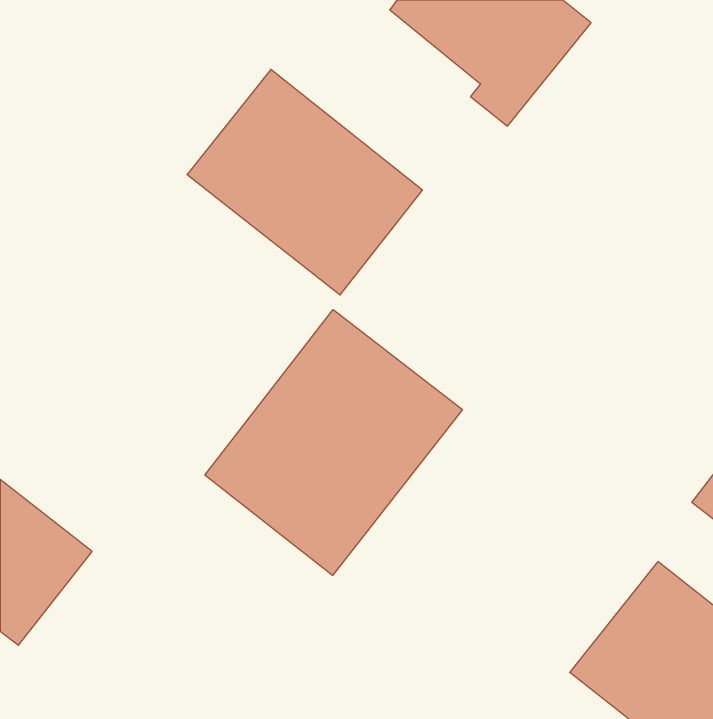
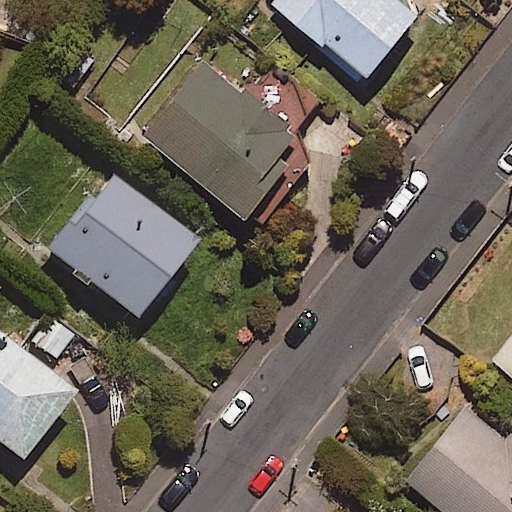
building: none -> [45,170,195,318]
building: [205,310,462,575] -> none

